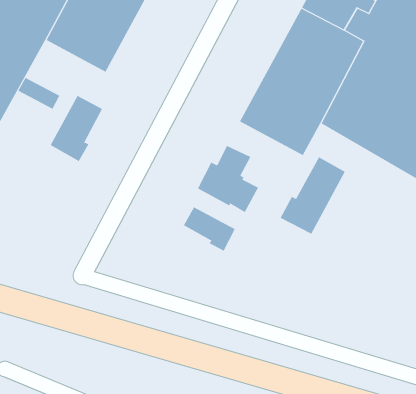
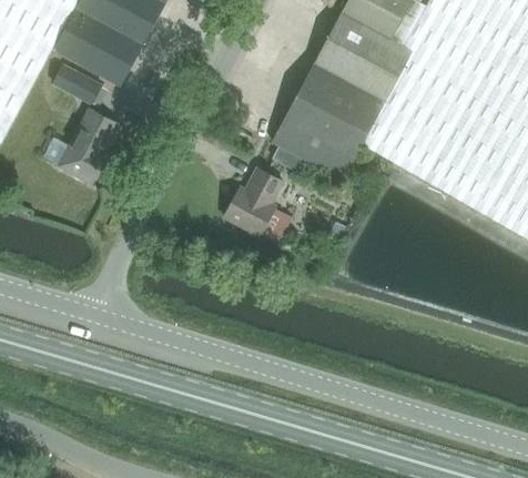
building: [17,77,61,110] -> [53,65,102,102]
building: [280,157,345,234] -> none
building: [183,207,235,252] -> none

